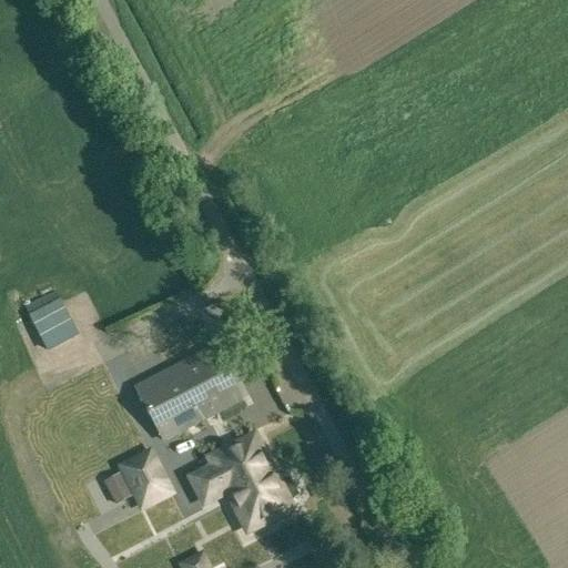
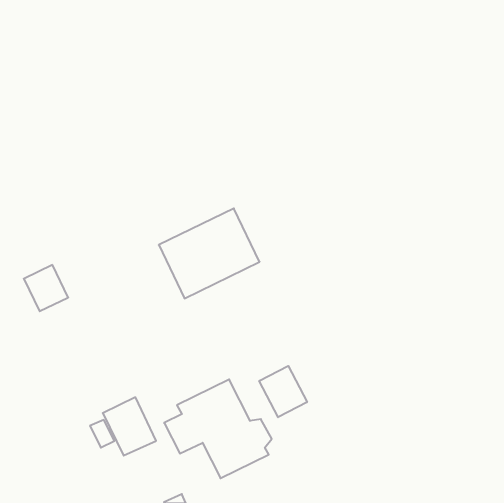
building: [130,343,243,444] -> [159,208,260,298]
building: none -> [259,366,307,417]

